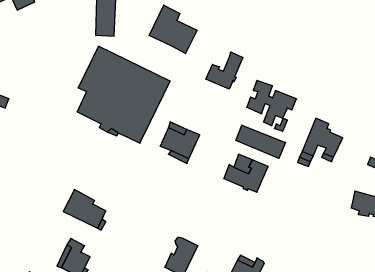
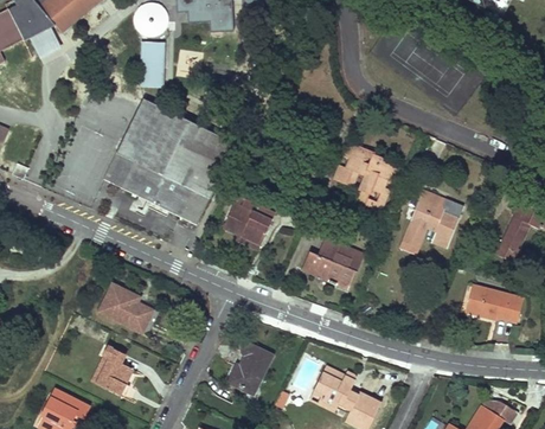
building: [149,5,197,54] -> none
building: [206,52,243,89] -> none
building: [236,125,285,158] -> none

